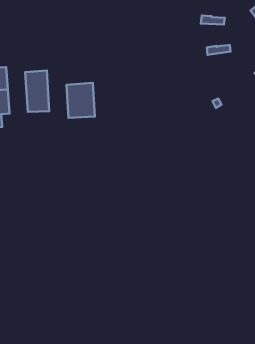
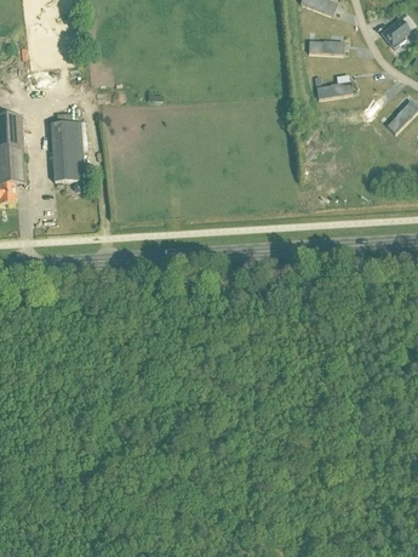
building: [66,83,95,118] -> none

